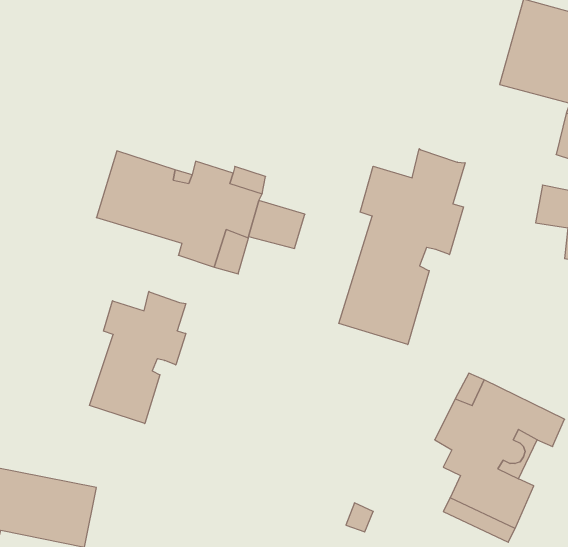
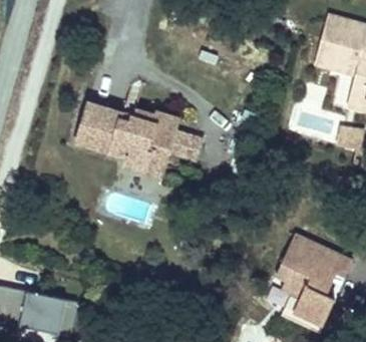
building: [339,149,465,345] -> none
building: [89,291,186,424] -> none

